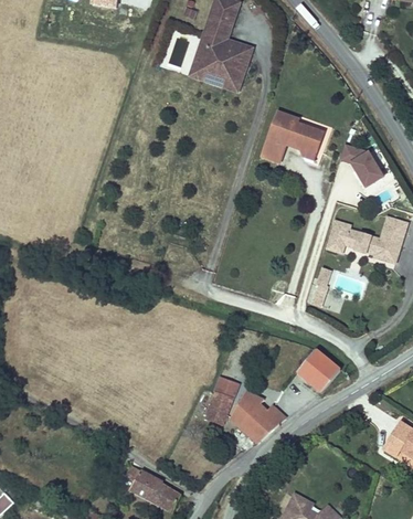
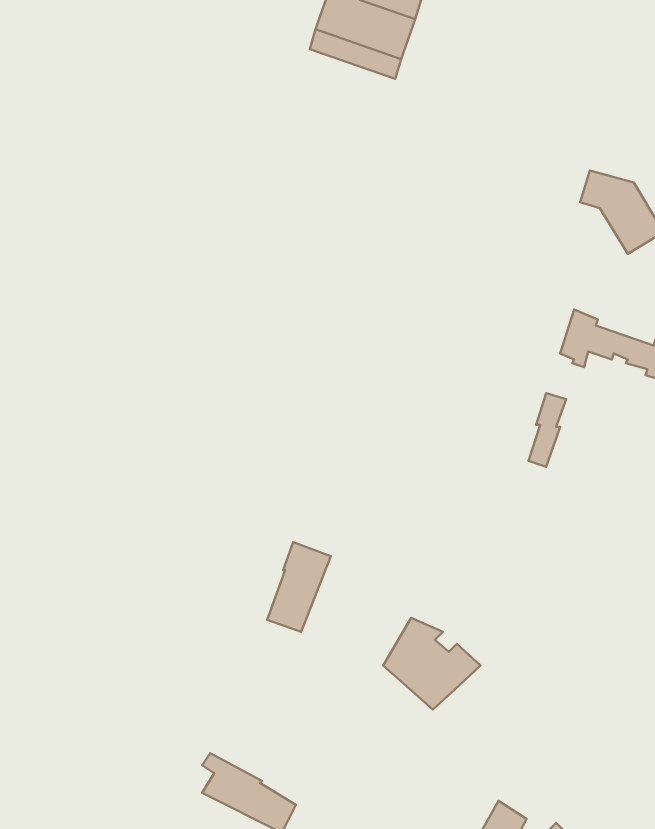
building: [260,109,325,163] -> none
building: [297,348,340,391] -> none
building: [204,375,240,425] -> [267,542,331,632]

